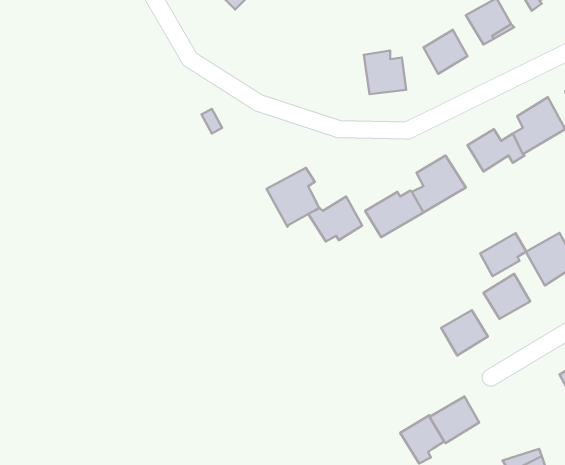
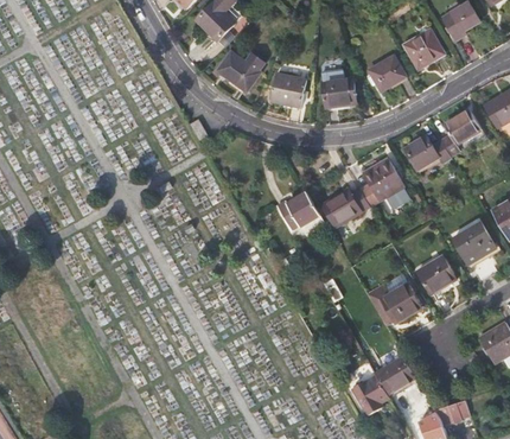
building: none -> [216,50,262,90]
building: none -> [269,72,305,107]
building: [266,168,319,227] -> none
building: [480,233,526,276] -> none

